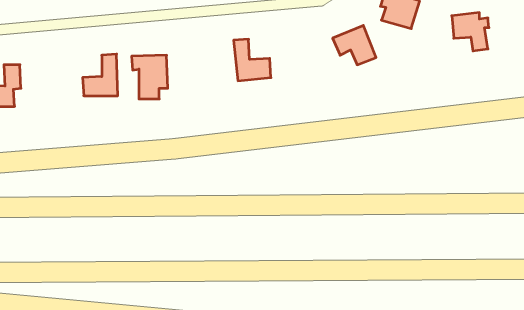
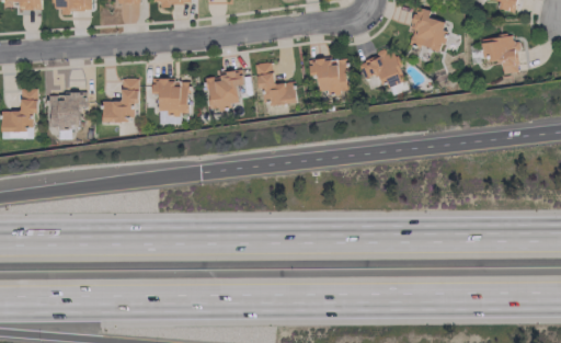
building: none -> [309,57,348,93]
building: none -> [209,69,244,108]
building: none -> [51,93,87,127]

